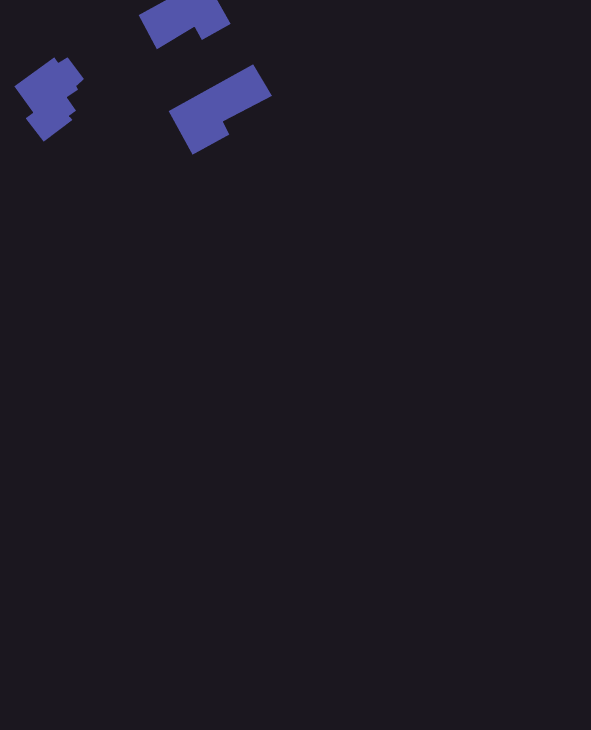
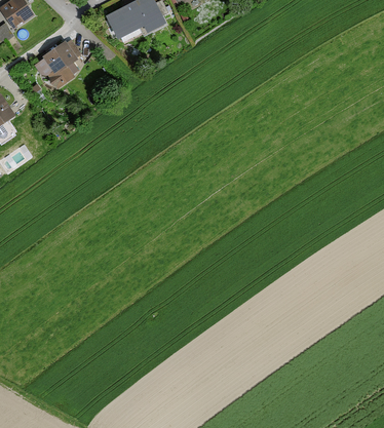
building: [167,63,273,156] -> none

